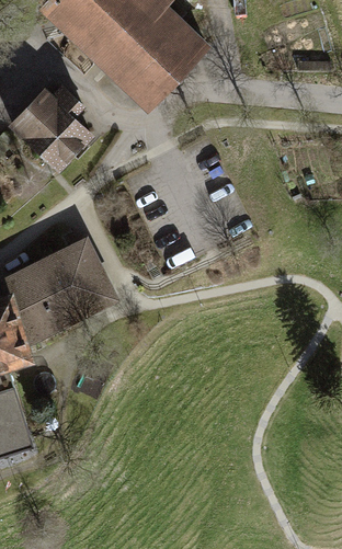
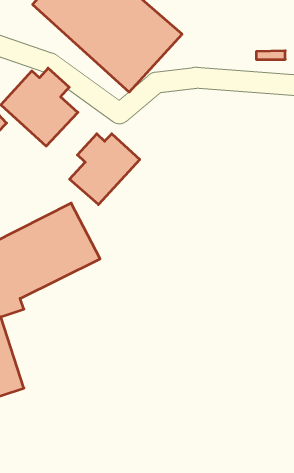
building: none -> [70,134,140,205]

